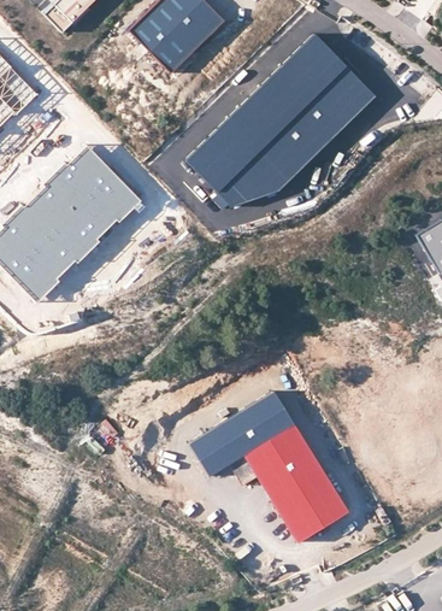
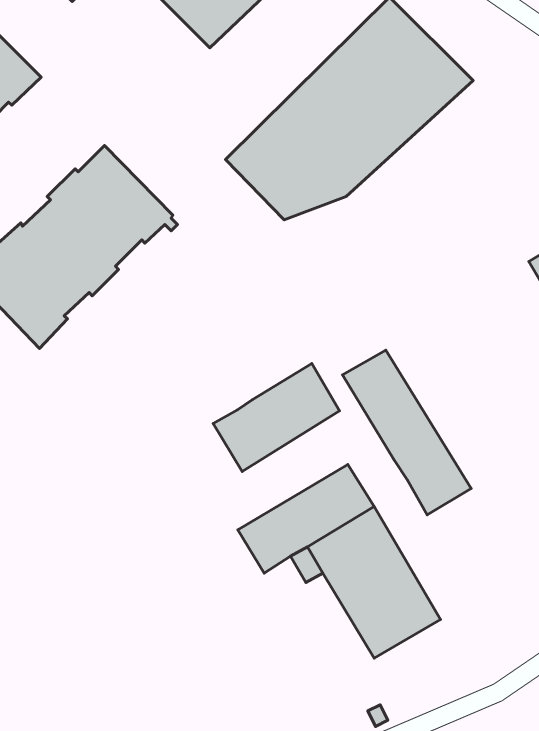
building: none -> [343,350,471,515]
building: none -> [213,364,339,472]

